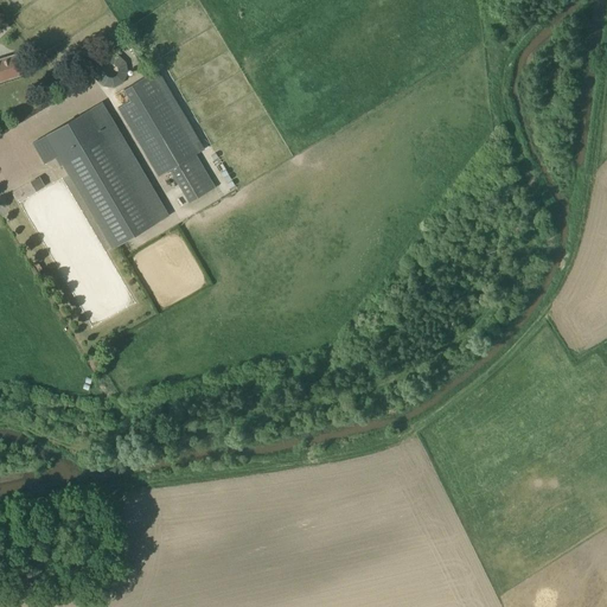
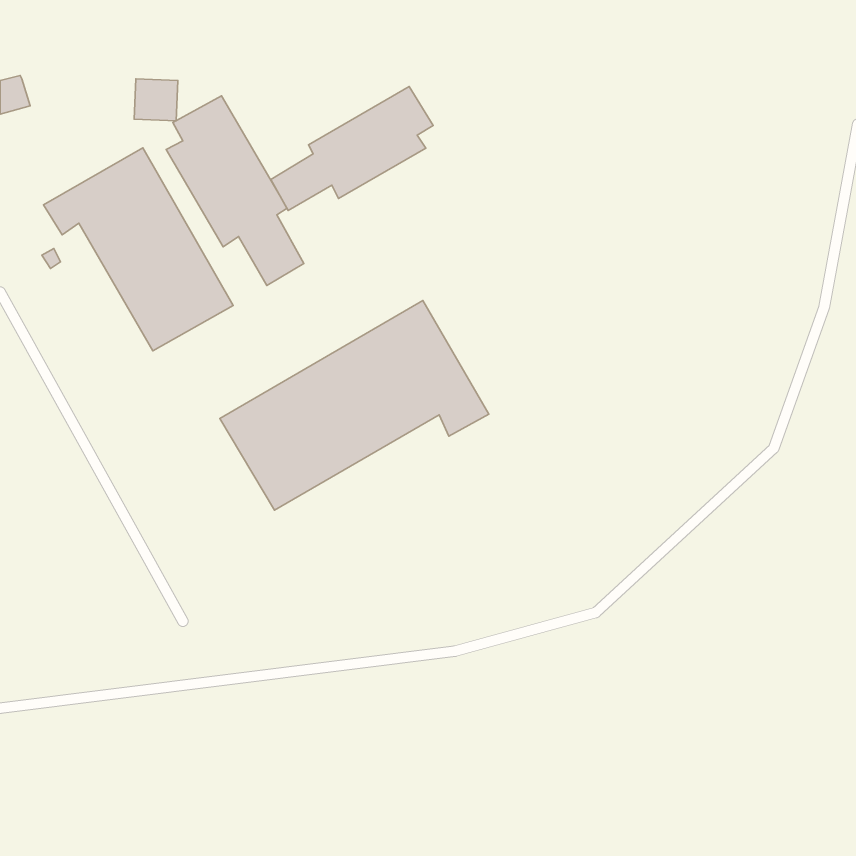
building: none -> [271,86,433,210]
building: none -> [220,300,489,510]

